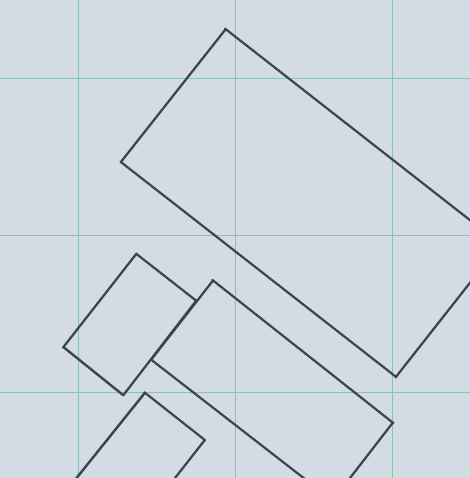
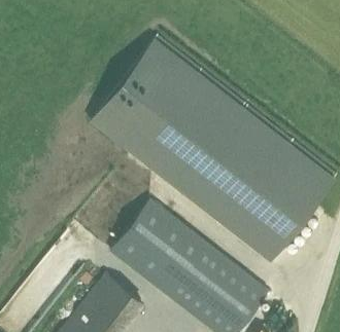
building: [63,254,196,395] -> none

